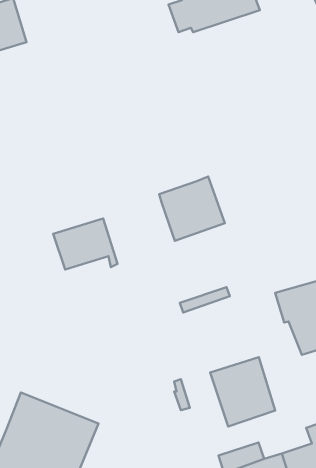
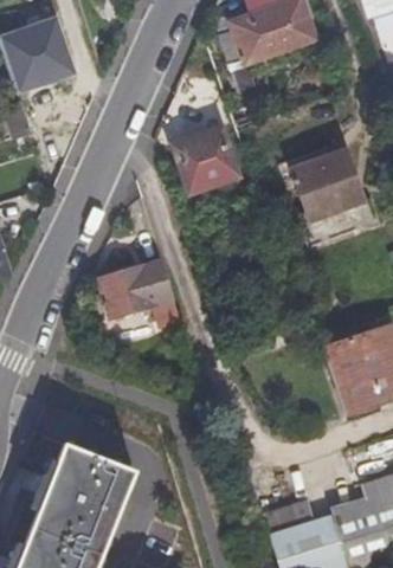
building: none -> [170,120,237,186]
building: [159,177,225,241] -> [294,149,363,218]
building: [210,357,275,426] -> none

